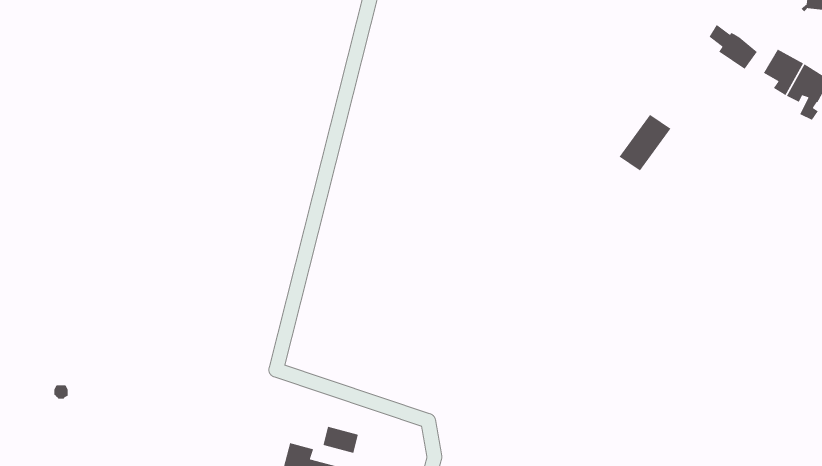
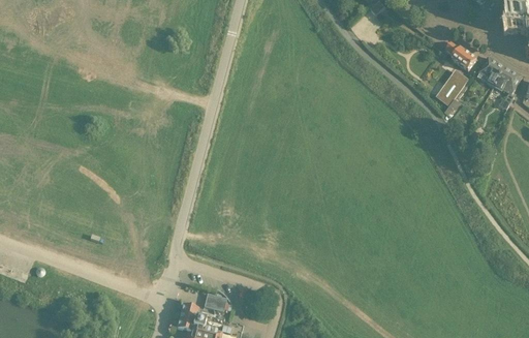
building: [619,114,671,172] -> [436,68,469,104]

